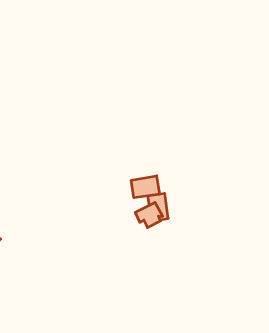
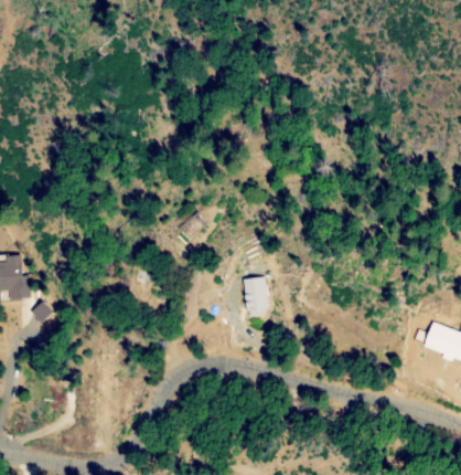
building: [131,176,159,198] -> none

